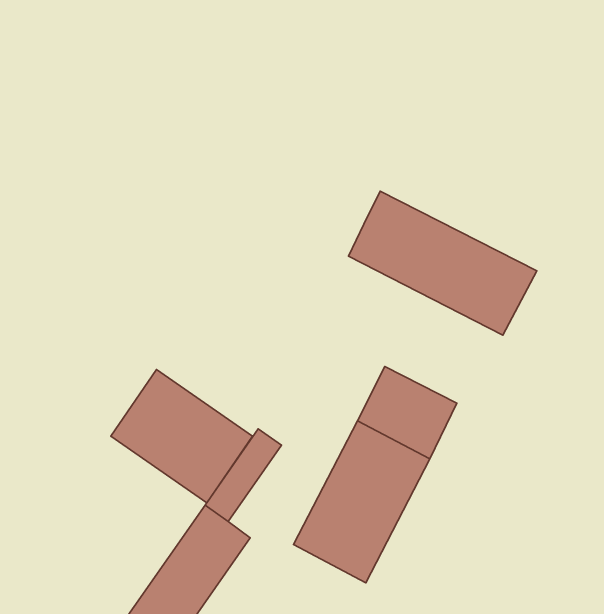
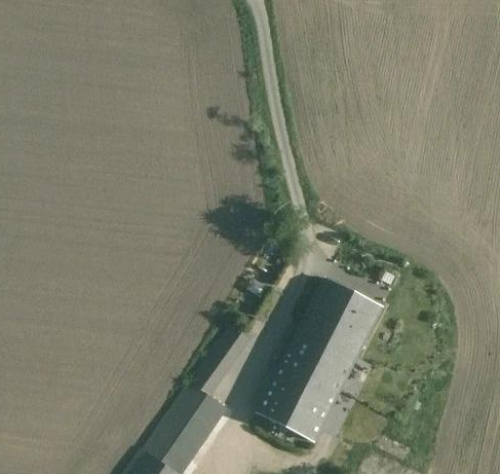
building: [348,191,537,335] -> none
building: [111,369,253,503] -> none

